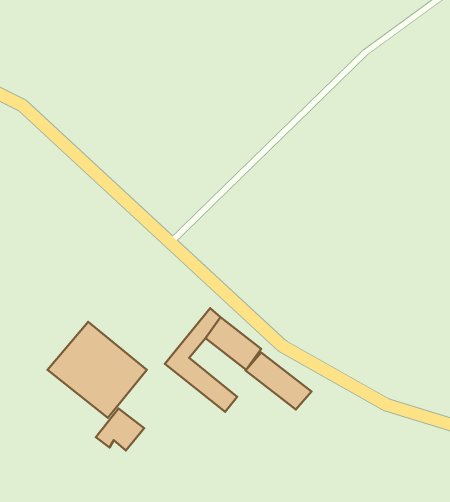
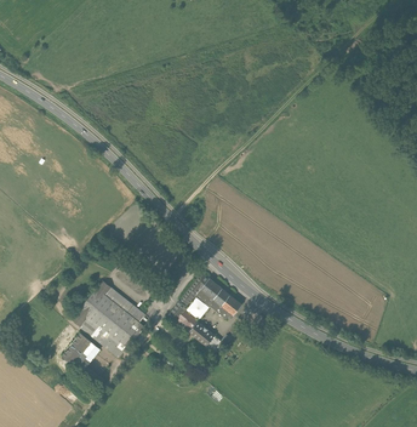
building: [246,353,311,410] -> none
building: [96,408,144,451] -> [62,332,101,366]

